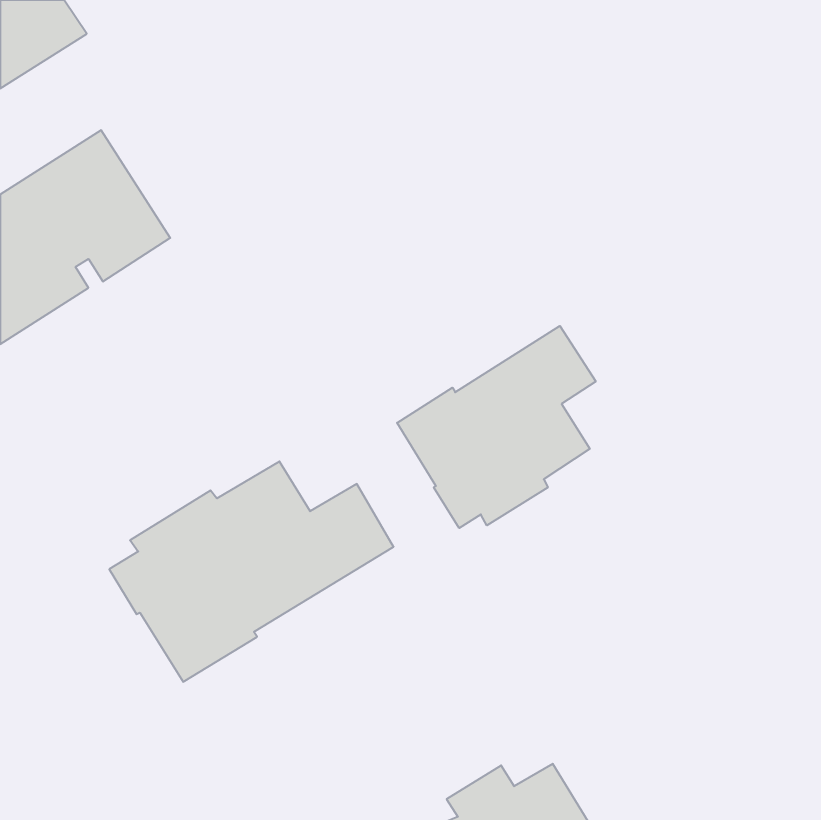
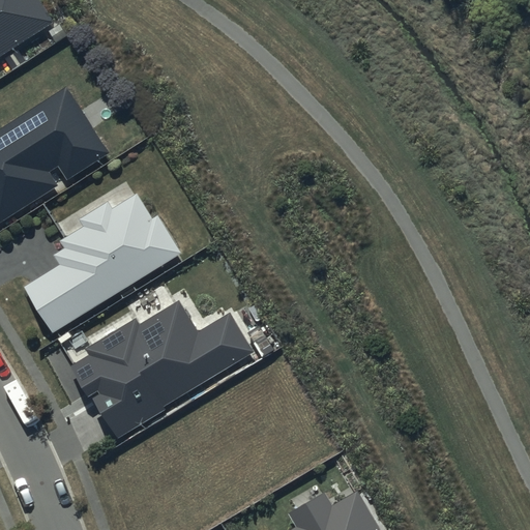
building: none -> [24,196,180,333]
building: [397,326,596,528] -> none

